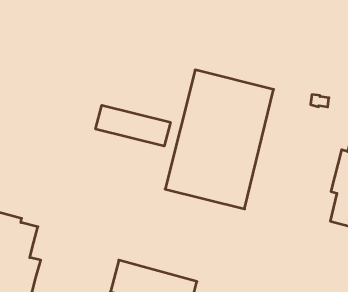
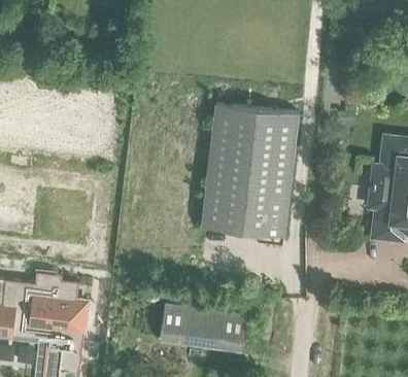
building: [96,105,170,146] -> none

